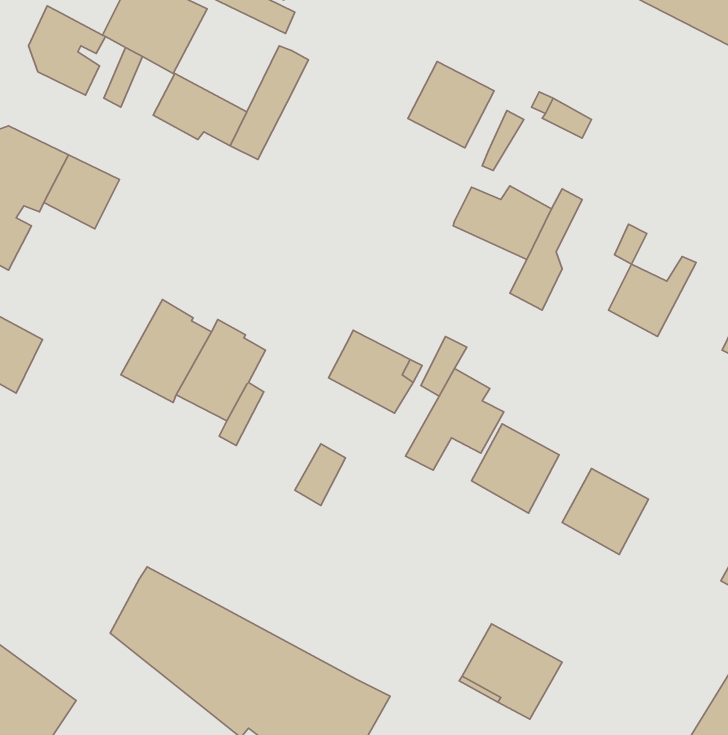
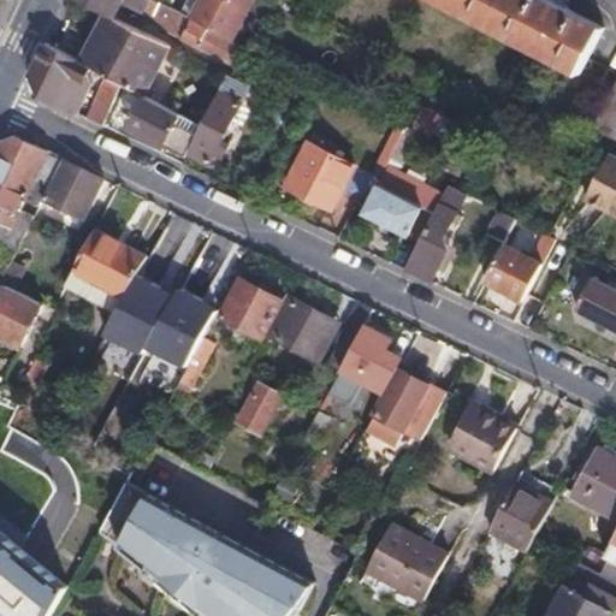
building: [408,62,494,148] -> [283,142,350,209]
building: none -> [71,229,143,292]
building: none -> [220,279,280,338]
building: none -> [486,484,550,550]

